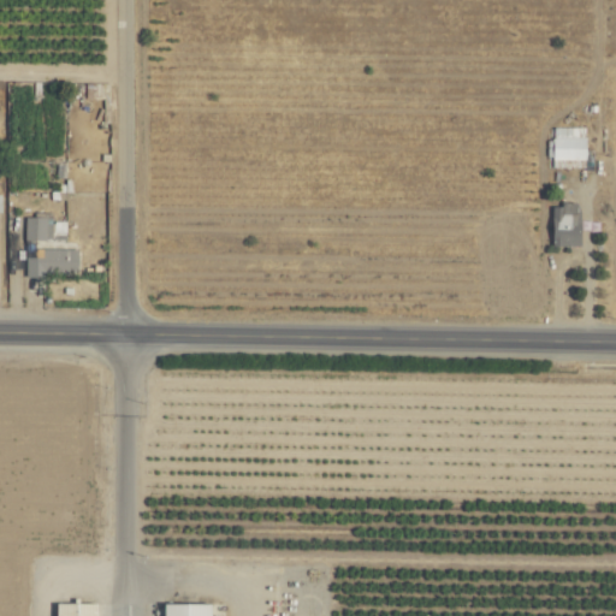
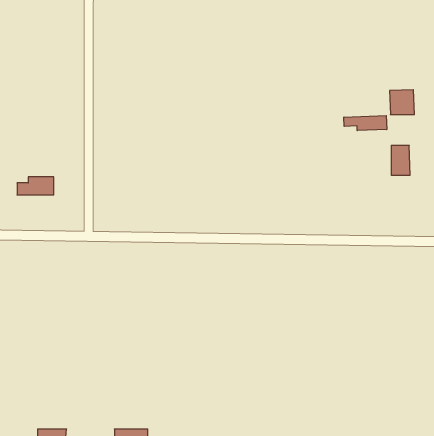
building: none -> [344,116,387,131]
building: [26,215,67,241] -> none

